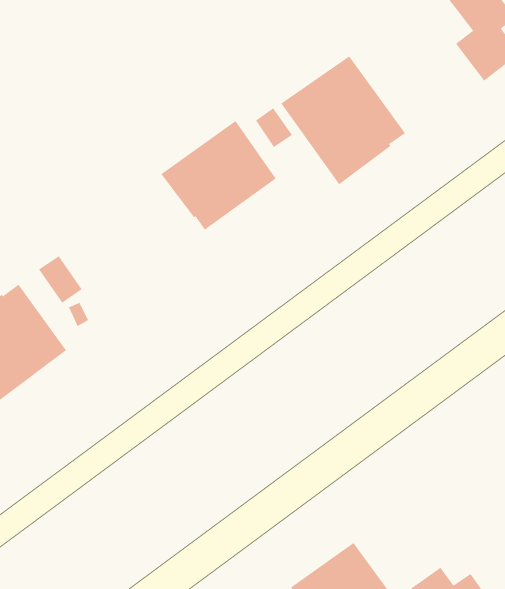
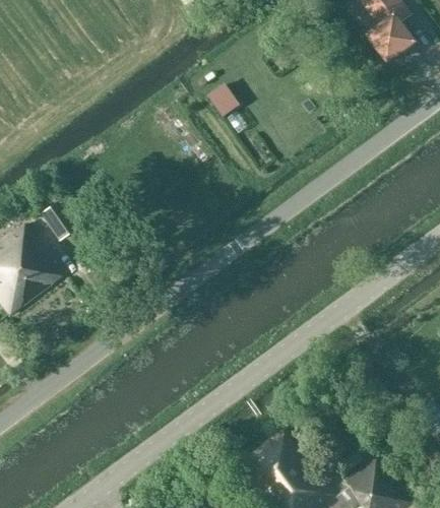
building: [281,55,406,185] -> none
building: [160,120,276,231] -> none

